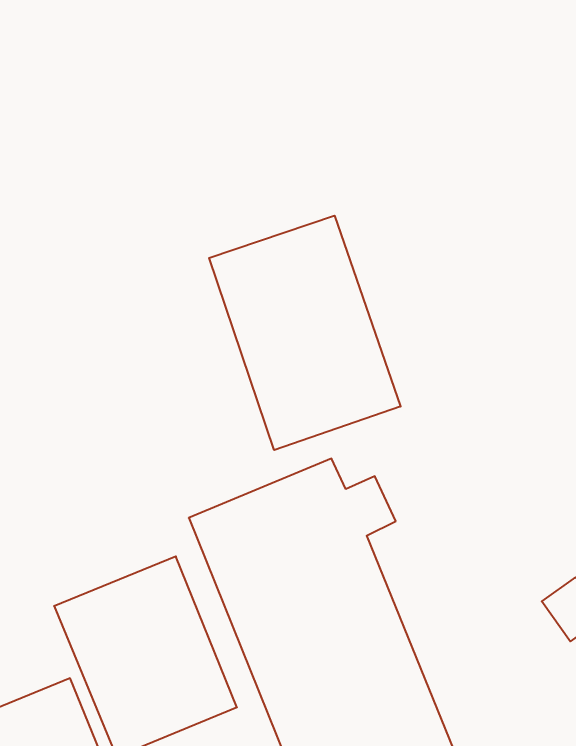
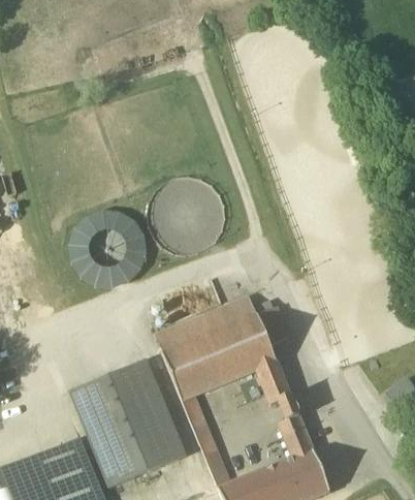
building: [209,216,401,450] -> none
building: none -> [66,205,153,292]

